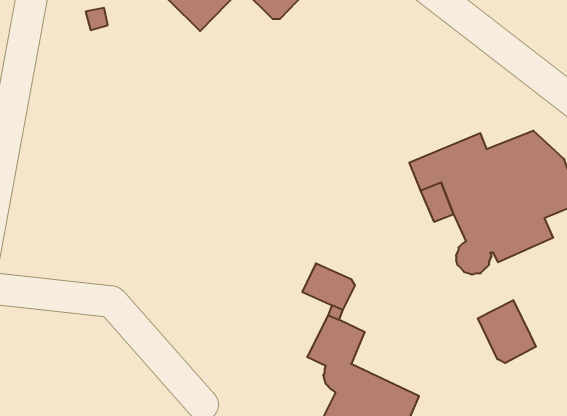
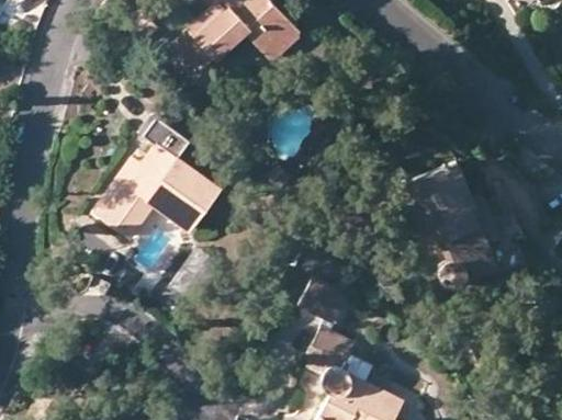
building: none -> [92,118,220,239]
building: [478,300,536,363] -> none

